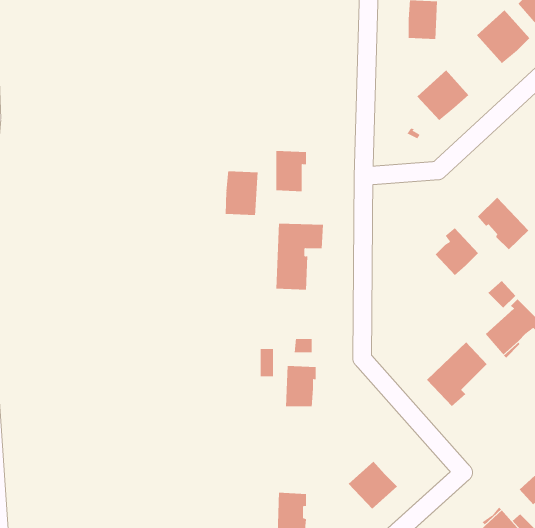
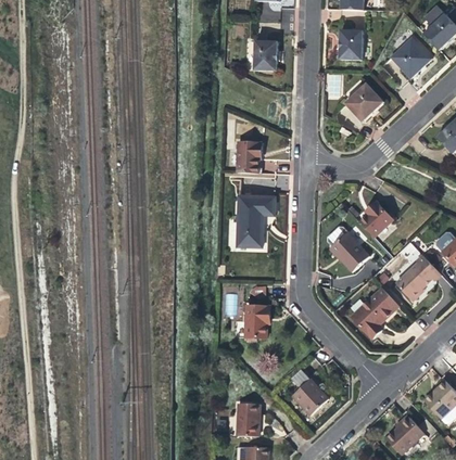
building: none -> [252,38,275,66]
building: [225,170,258,216] -> none
building: [477,197,529,250] -> none
building: none -> [327,232,367,272]

